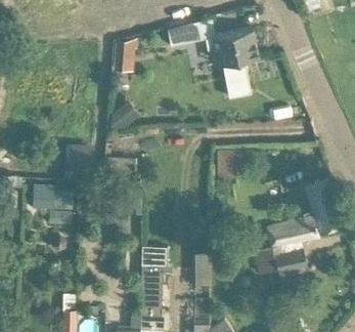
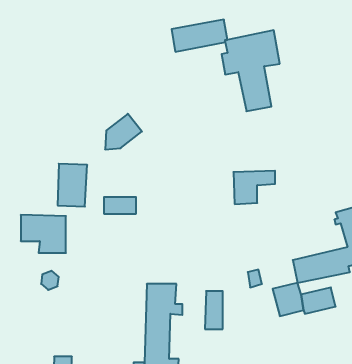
building: [114,38,137,72] -> none

